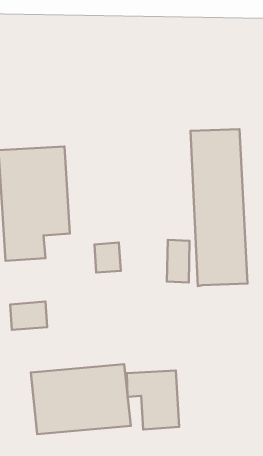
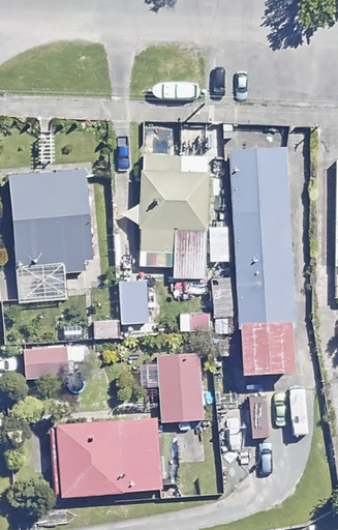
building: none -> [136,154,208,276]
building: none -> [244,326,298,380]
building: [127,370,179,429] -> [143,354,203,421]

